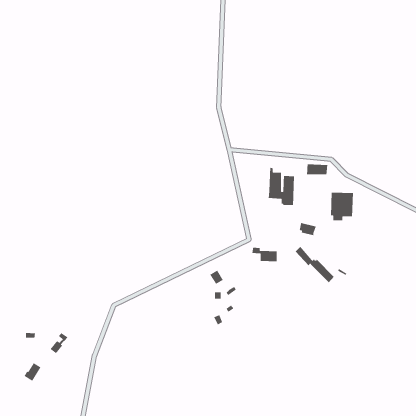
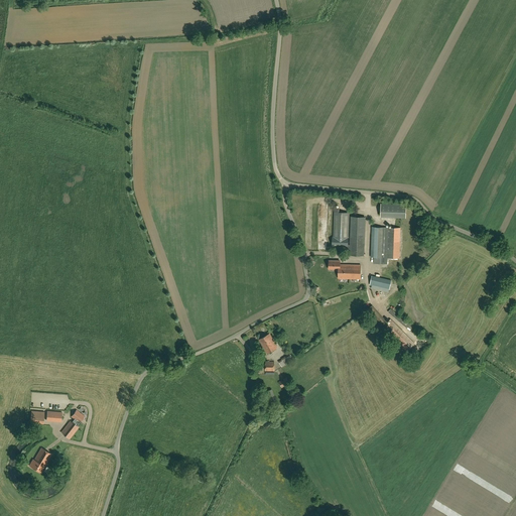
building: [330,192,354,221] -> [371,227,400,263]
building: [252,247,278,262] -> [329,260,361,279]

